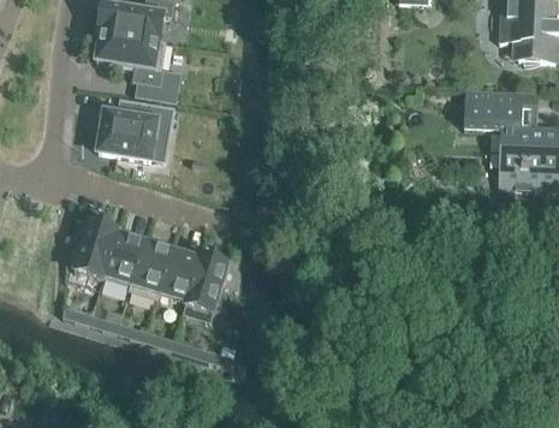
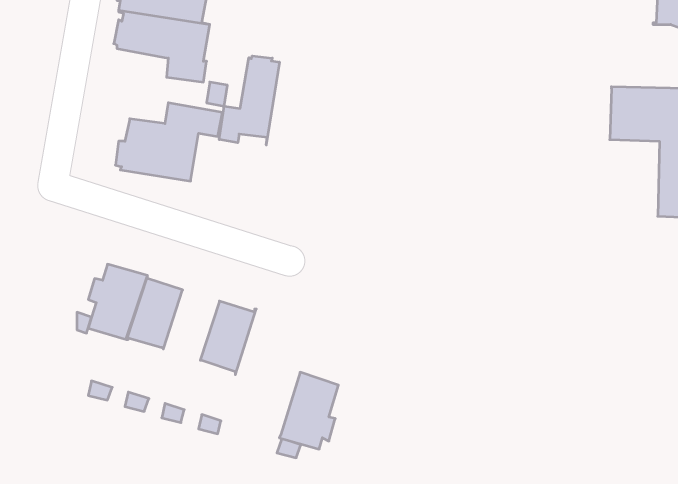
building: none -> [219,56,279,145]
building: [129,240,173,299] -> none
building: [185,255,230,313] -> [279,372,338,449]

